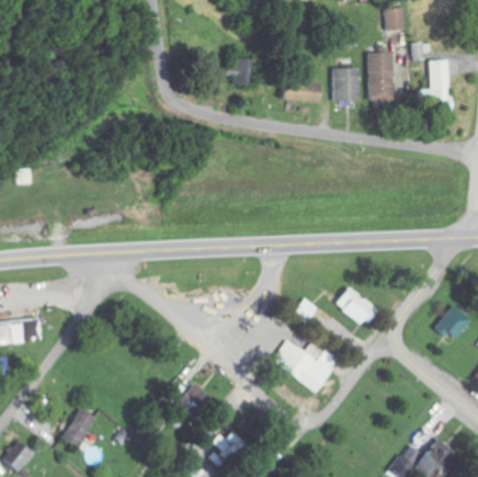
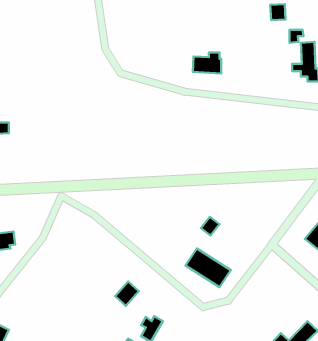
building: [368,53,395,99] -> none
building: [224,57,253,86] -> none
building: [333,68,361,101] -> none
building: [333,286,374,323] -> none
building: [61,407,94,448] -> none

